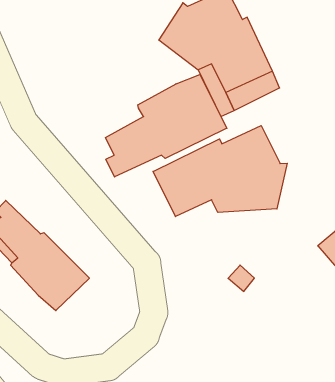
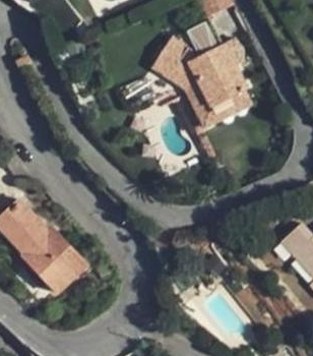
building: [106,75,227,177] -> none
building: [153,126,287,217] -> none

